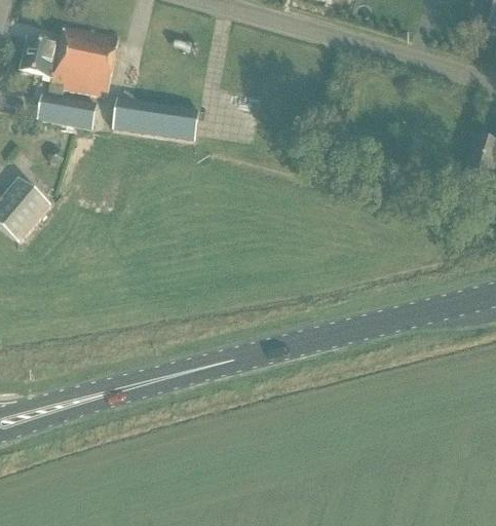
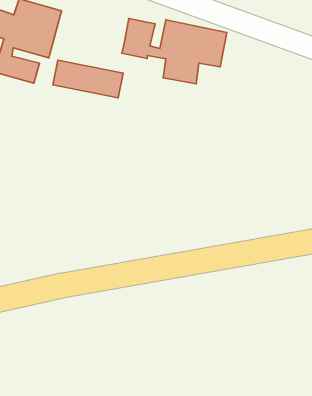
building: none -> [122,18,227,84]

